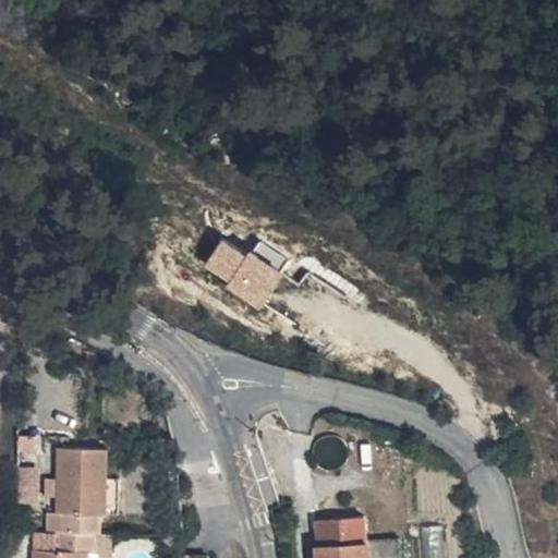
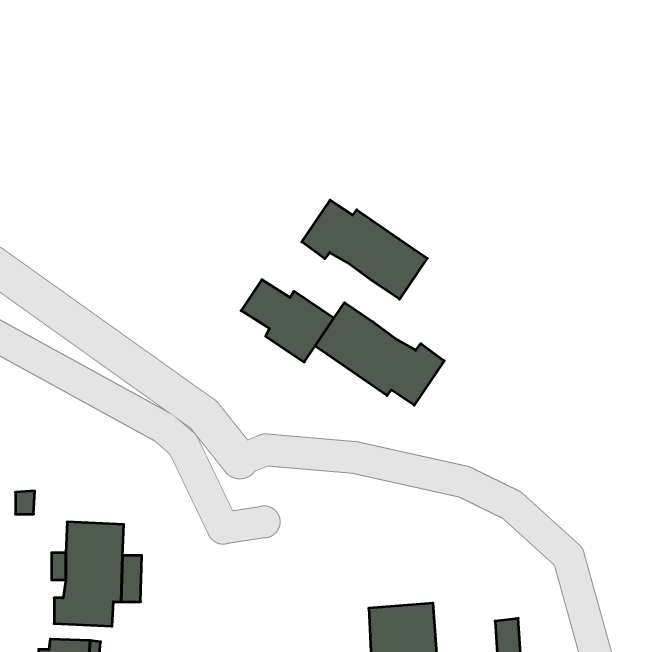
building: none -> [302,200,427,299]
building: none -> [315,303,444,405]

